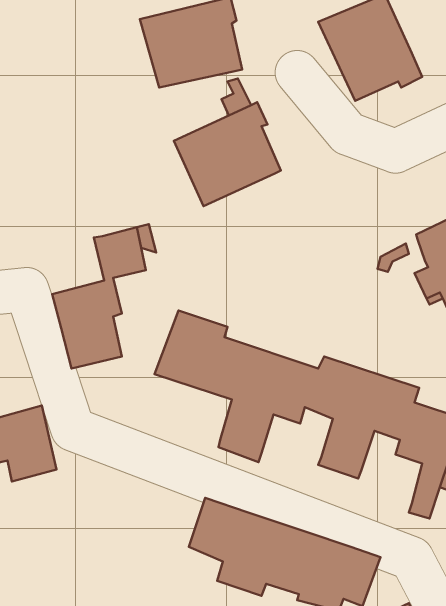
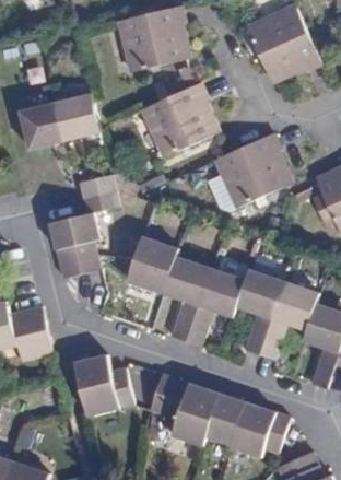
building: none -> [20,91,102,149]
building: none -> [212,133,291,209]
building: none -> [74,354,134,415]

